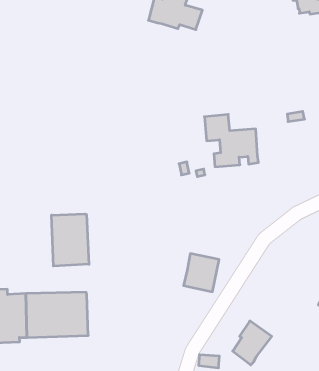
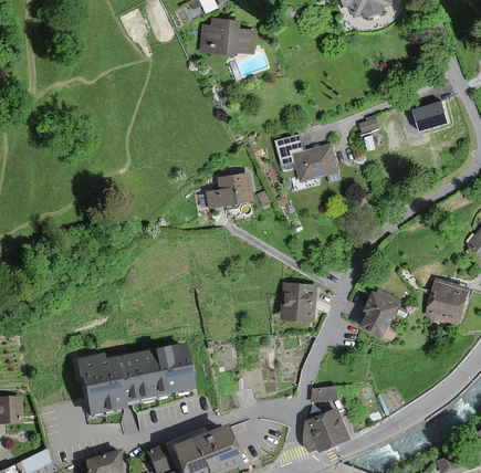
building: none -> [206,176,252,208]
building: [52,214,89,266] -> none
building: [233,321,272,365] -> [358,294,396,339]

